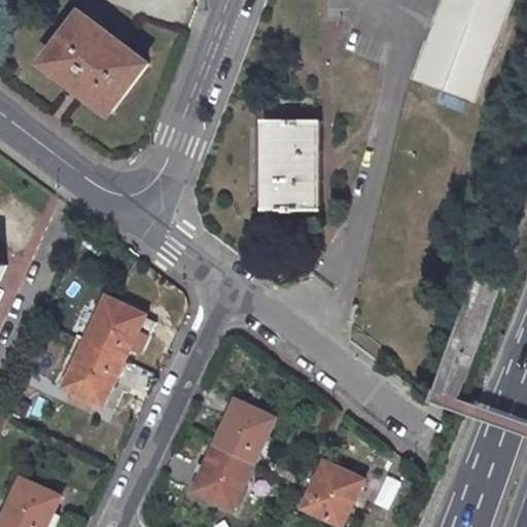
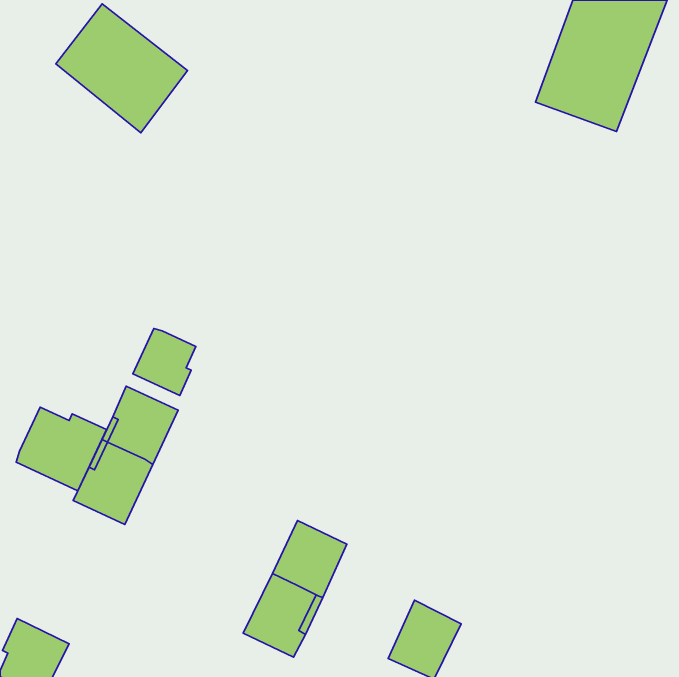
building: [266,120,324,211] -> none
building: none -> [133,328,196,396]
building: none -> [16,407,107,491]

